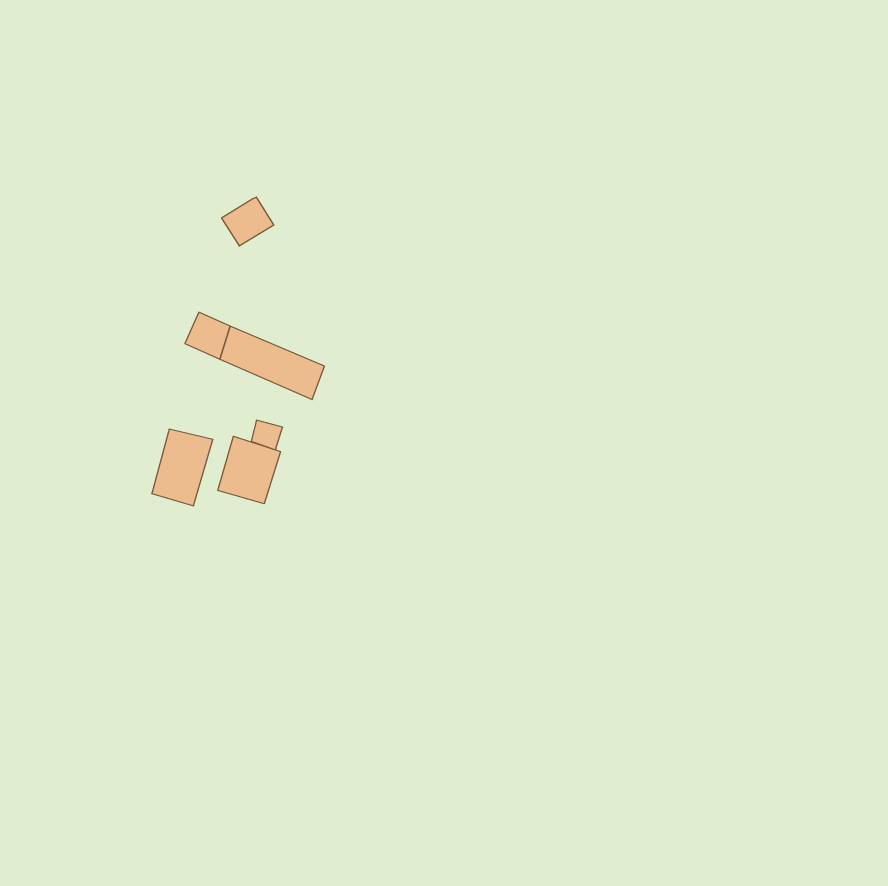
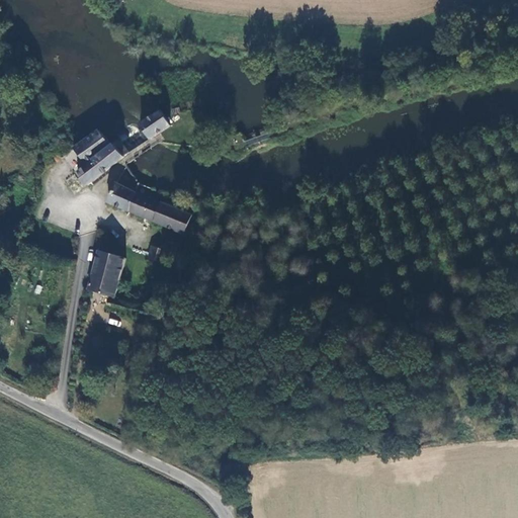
building: none -> [71,128,126,188]
building: [218,436,281,504] -> none

